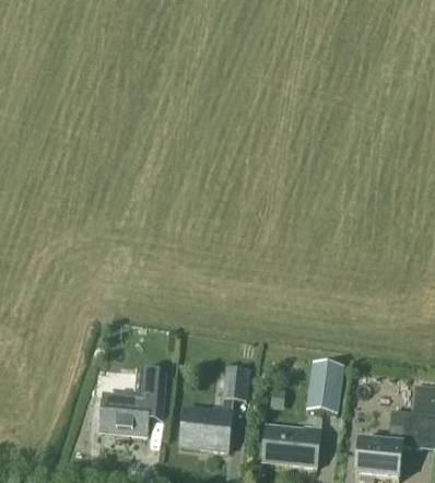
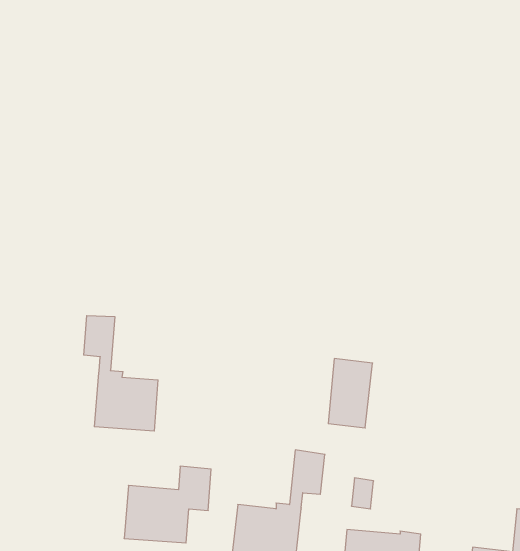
building: none -> [84,316,158,431]
building: [309,360,342,411] -> [328,359,373,428]

